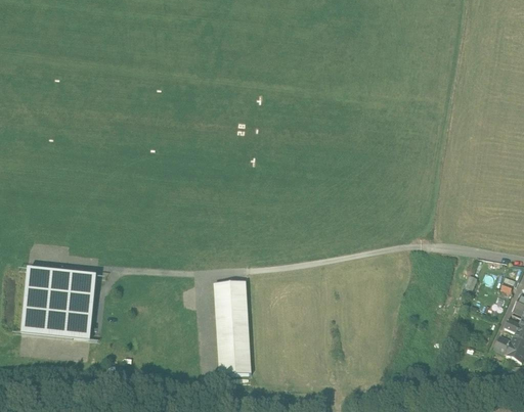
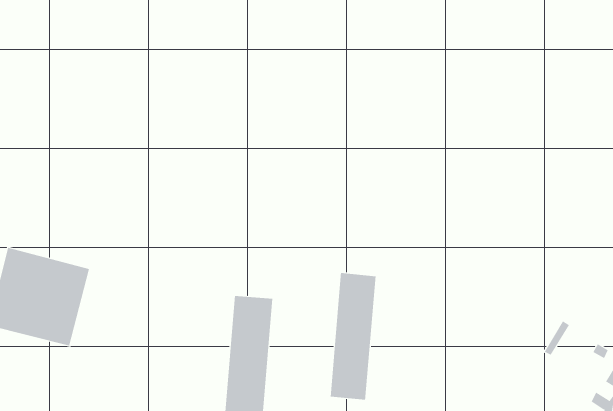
building: none -> [330,272,376,400]

